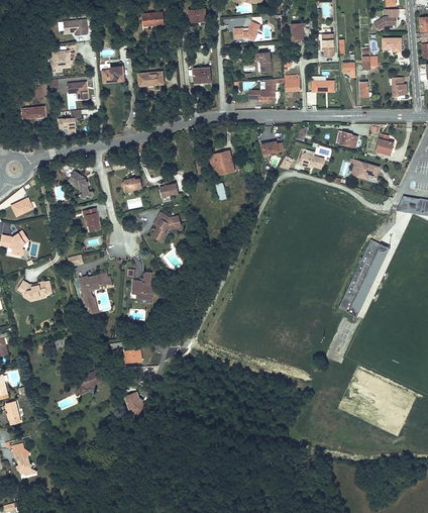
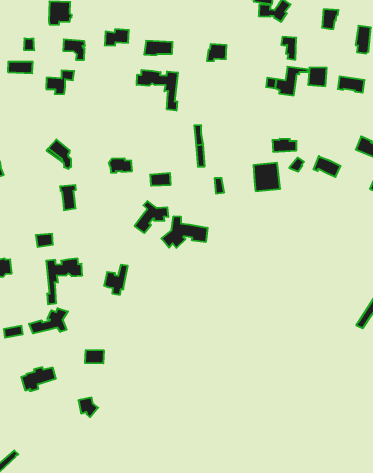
building: none -> [137,70,178,111]
building: [209,149,235,177] -> [253,163,280,191]
building: none -> [161,216,208,248]
building: none -> [29,308,68,333]

